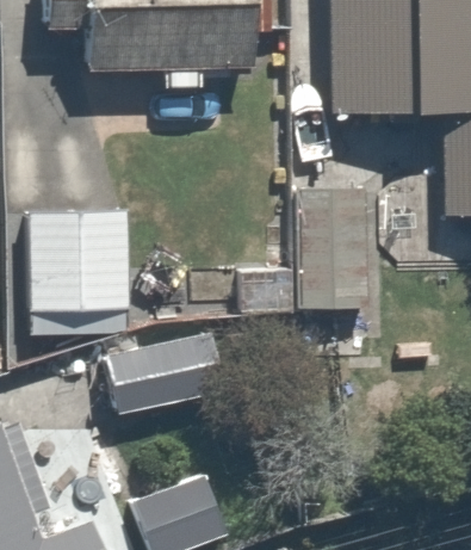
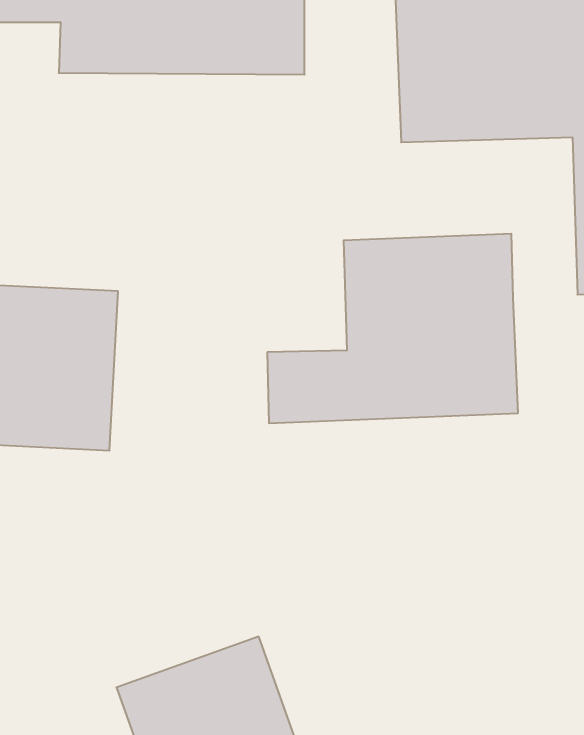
building: [89,333,225,416] -> none

